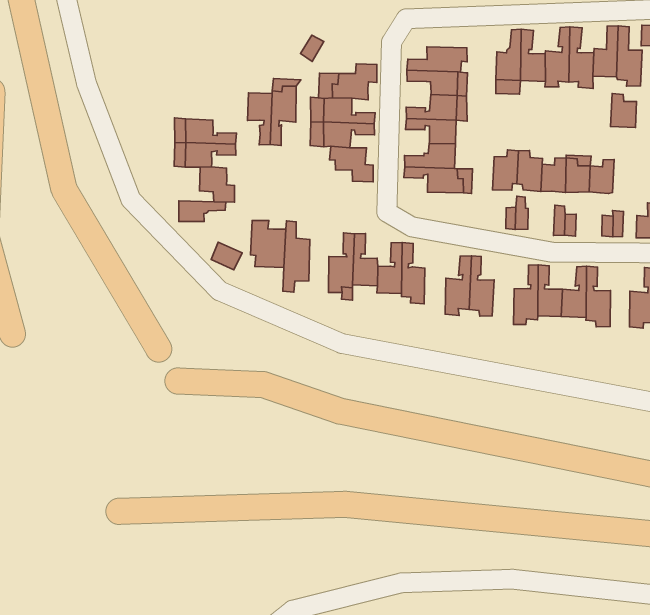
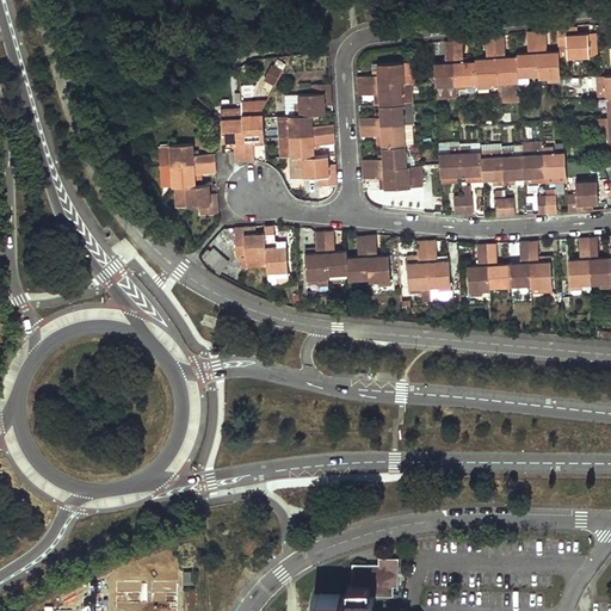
building: [611,94,636,128] -> [543,148,566,177]
building: [179,201,226,221] -> none

